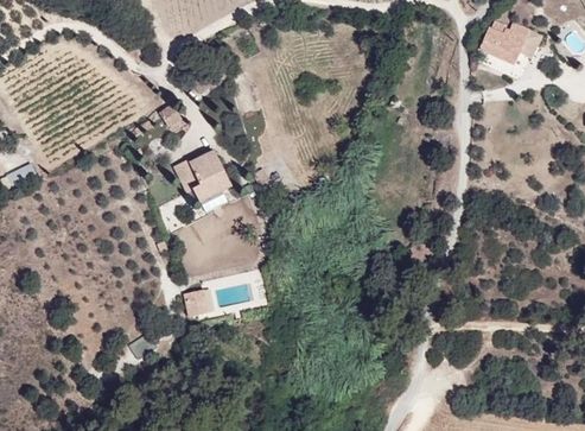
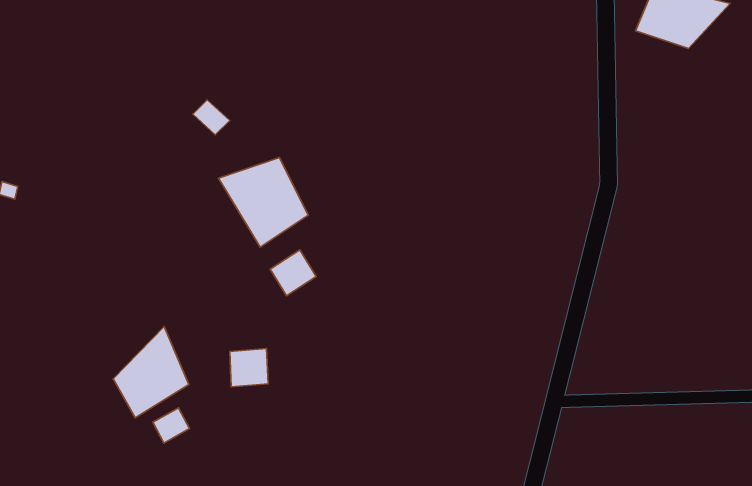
building: none -> [270,250,316,296]
building: none -> [113,326,189,418]

